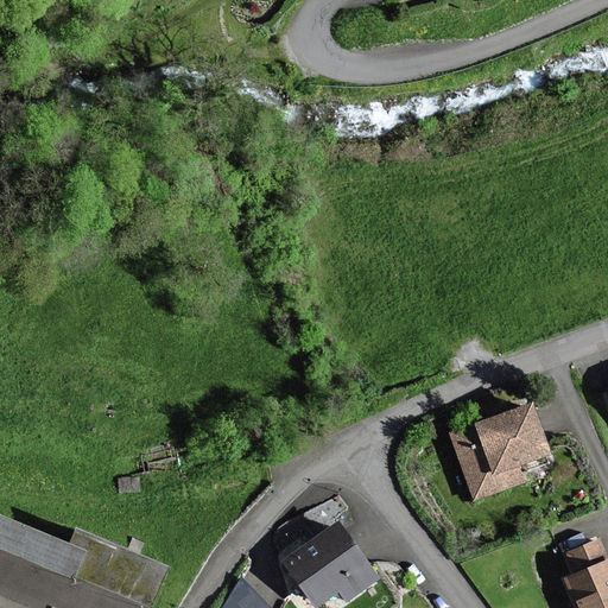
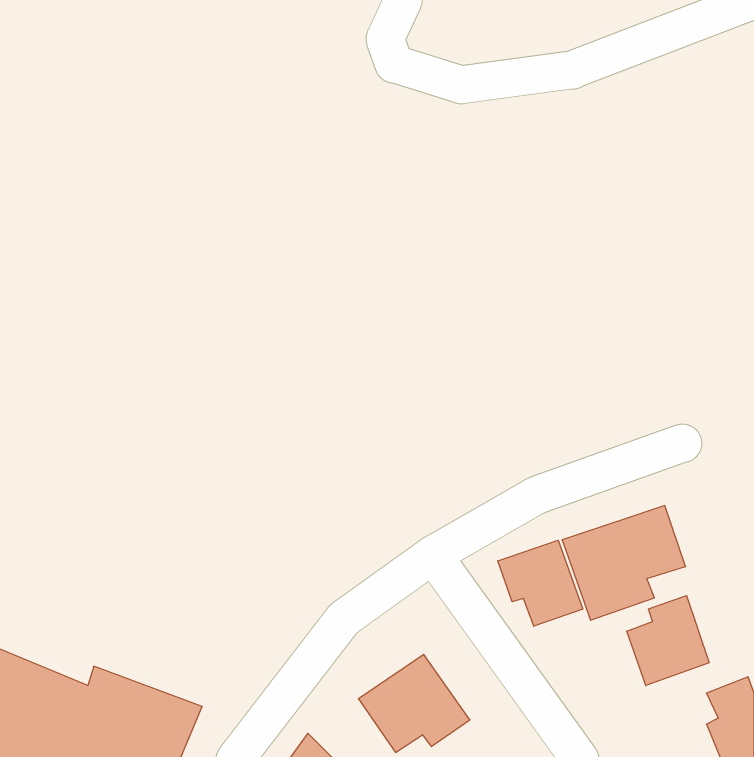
building: none -> [498,540,583,626]
building: none -> [627,596,709,686]

